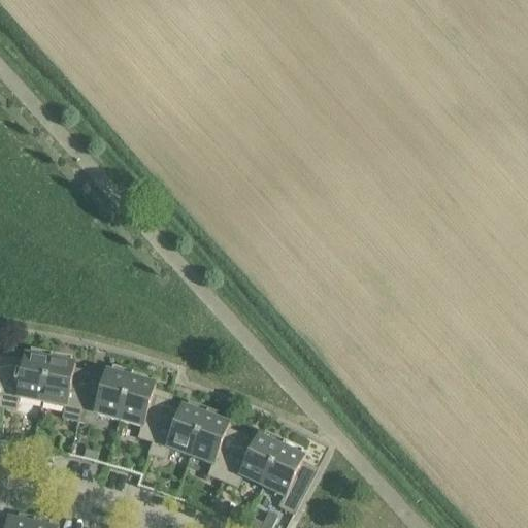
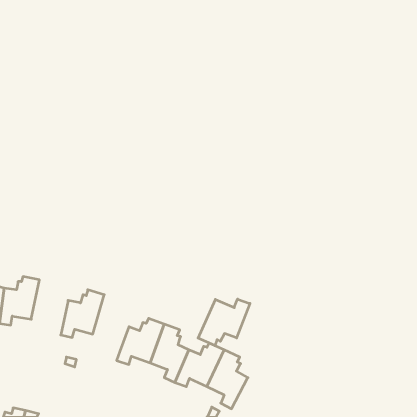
building: [39,352,86,421] -> none
building: [117,370,165,441] -> none
building: none -> [198,299,250,346]

